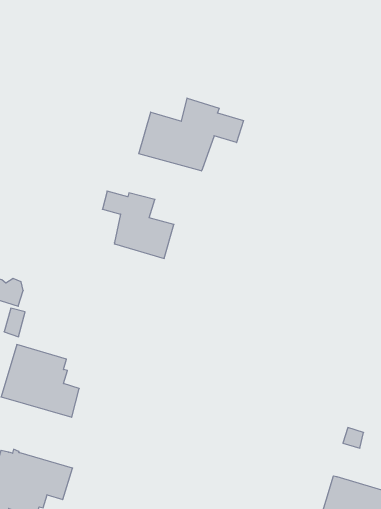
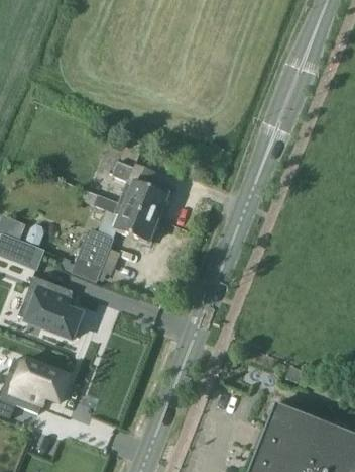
building: [139,98,243,171] -> none
building: none -> [63,191,158,284]

